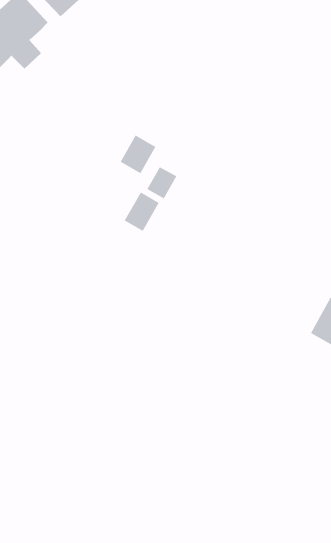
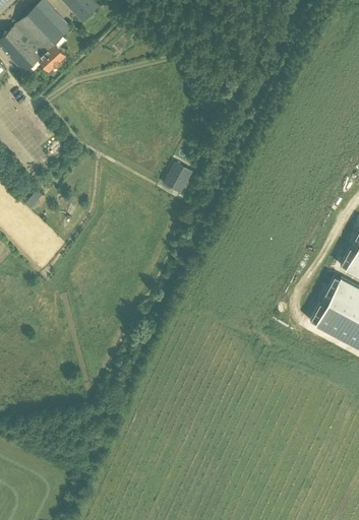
building: [120,135,156,174] -> none
building: [124,191,160,232] -> none

